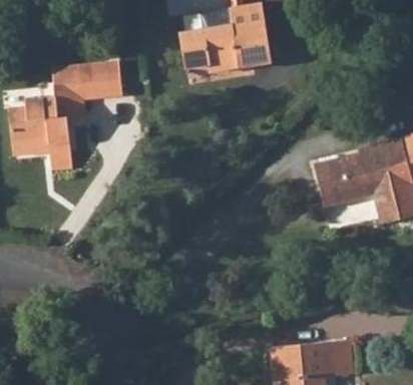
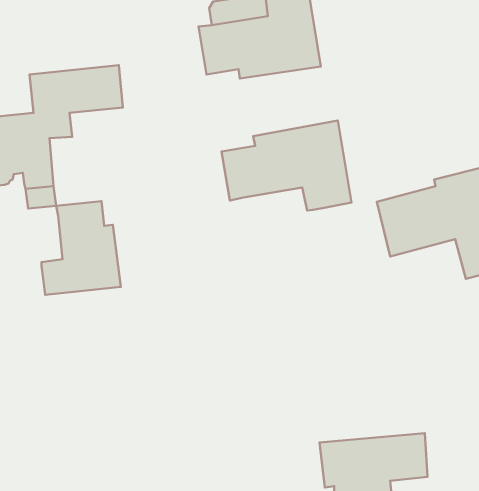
building: none -> [222,121,352,210]
building: none -> [41,201,121,295]

